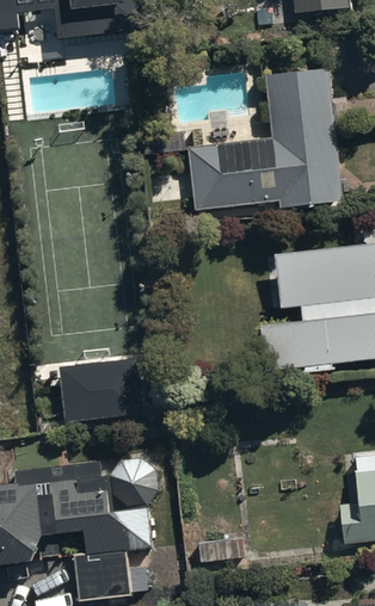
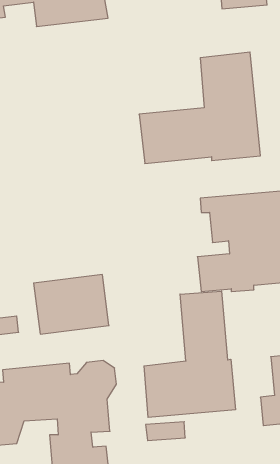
building: none -> [144,291,235,417]

